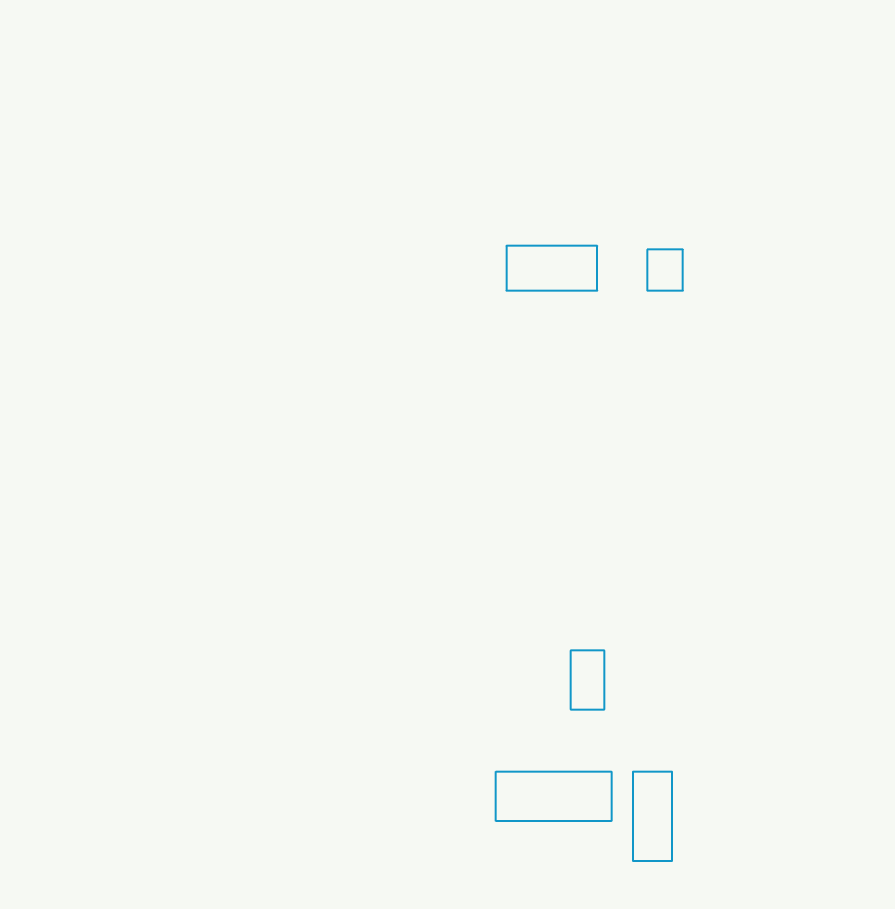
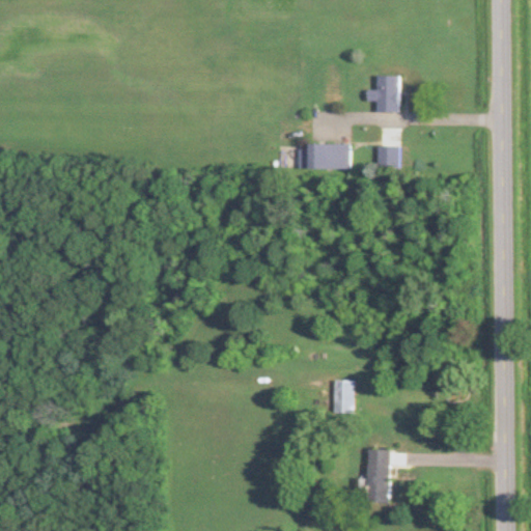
building: none -> [366,75,399,111]
building: [496,772,611,821] -> none

